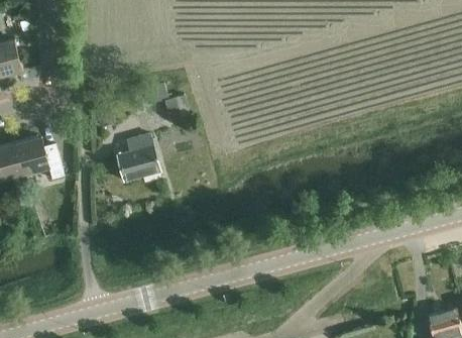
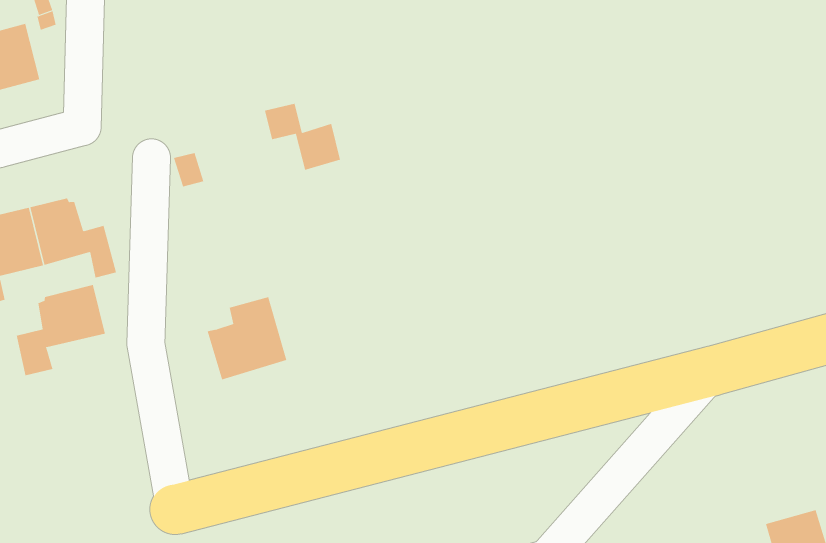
building: [115,135,159,182] -> [207,296,287,380]
building: none -> [16,284,106,376]

